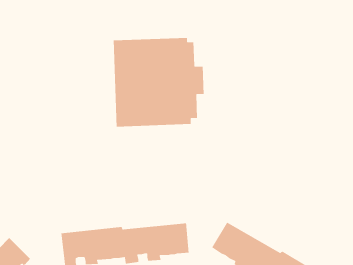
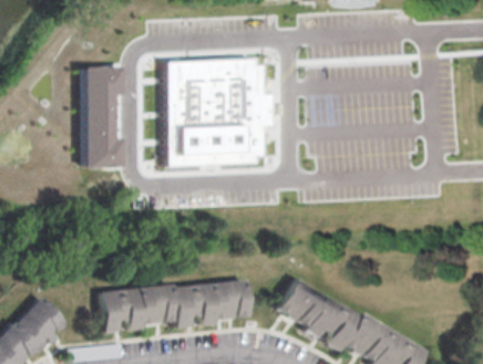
building: none -> [82,66,123,169]

